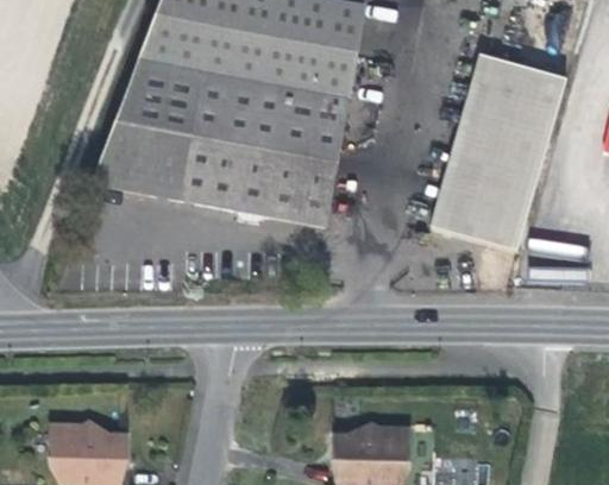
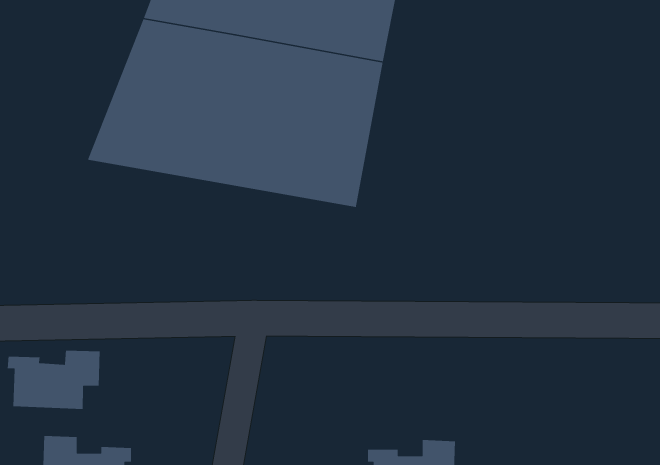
building: [434,57,563,252] -> none
building: none -> [7,350,101,410]

